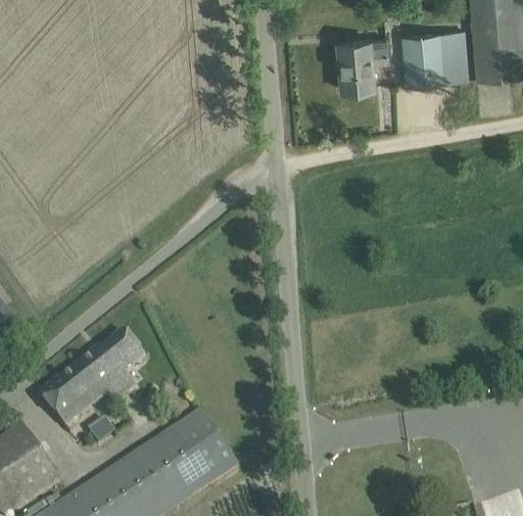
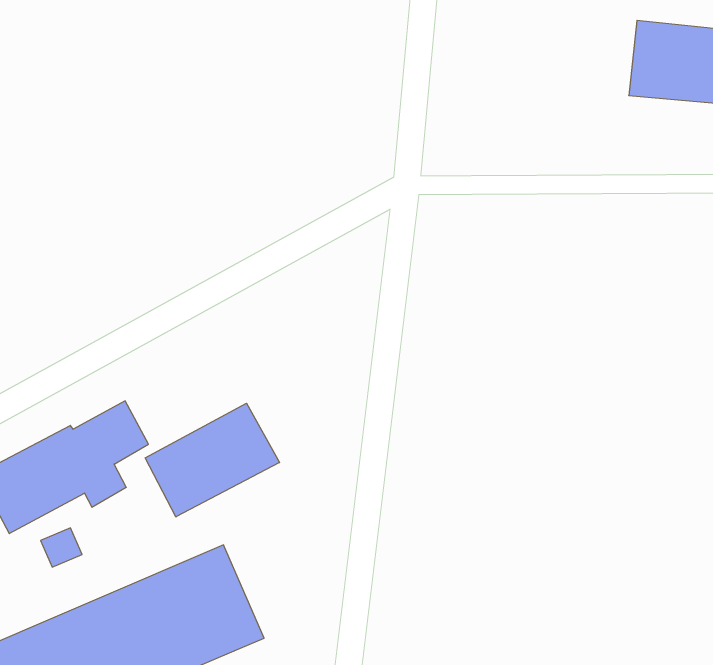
building: [337,36,387,87] -> none
building: none -> [145,403,280,517]

